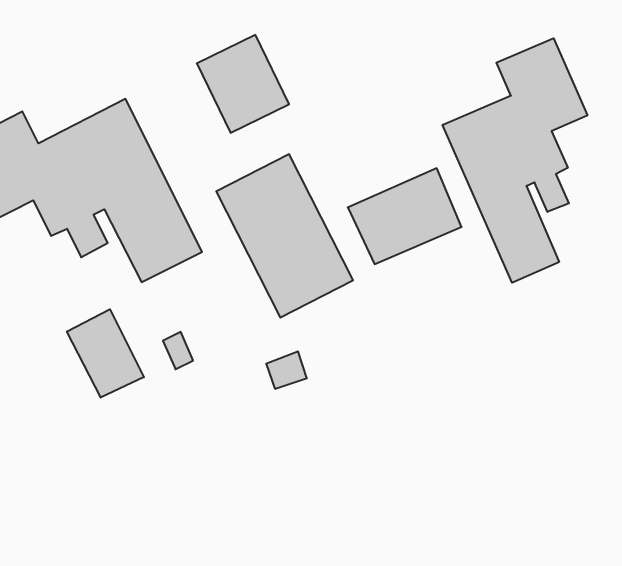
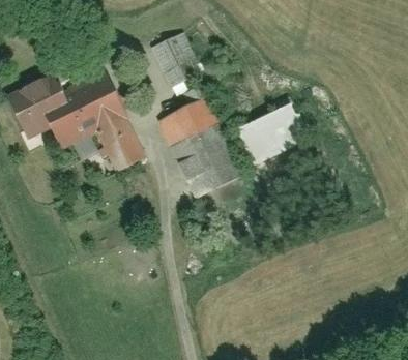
building: [443,38,587,283] -> none
building: [67,309,144,398] -> none

